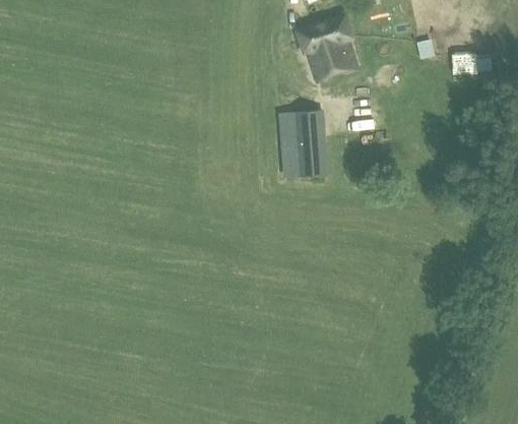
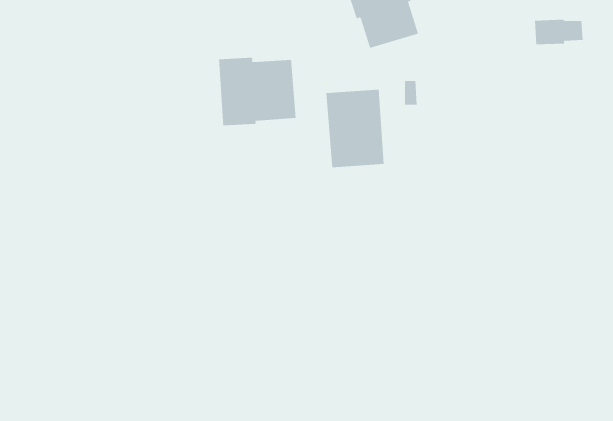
building: none -> [218,57,296,126]

